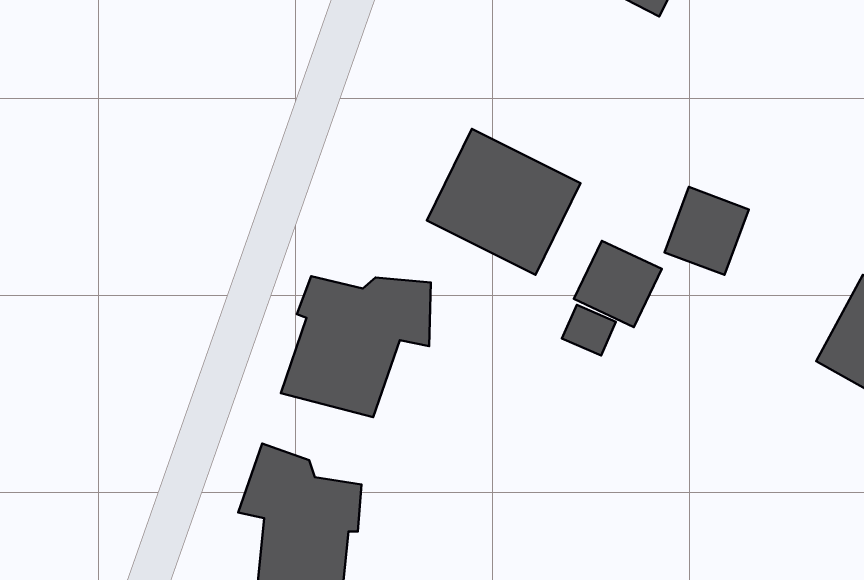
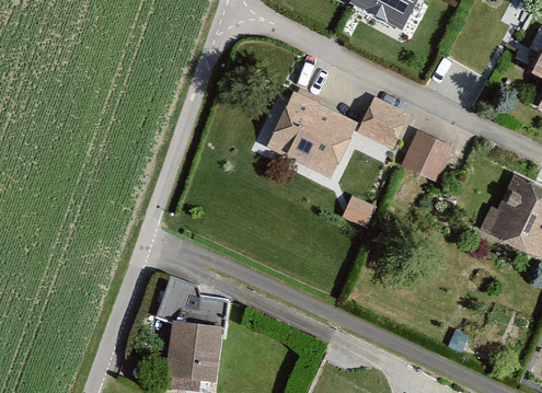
building: [574,241,662,327] -> [356,101,407,151]
building: [281,276,431,417] -> none

